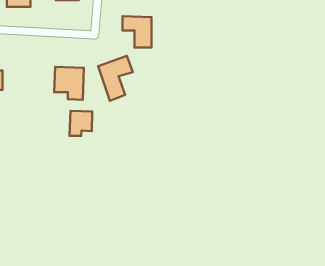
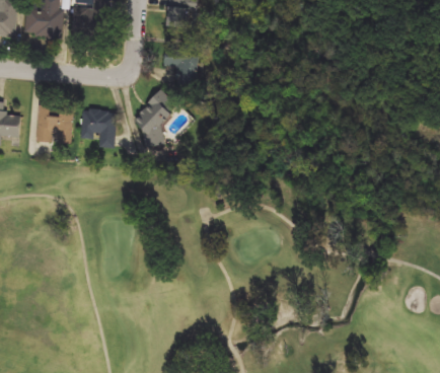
building: none -> [36,105,73,144]
building: [70,111,92,136] -> none

